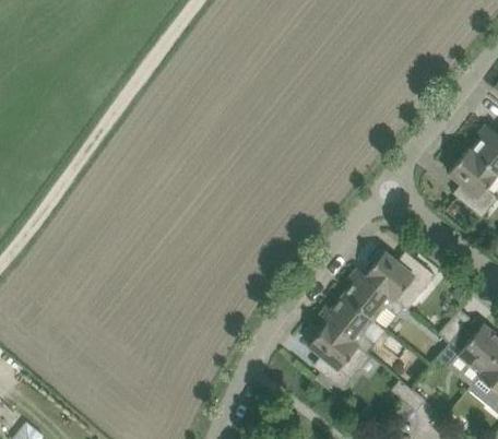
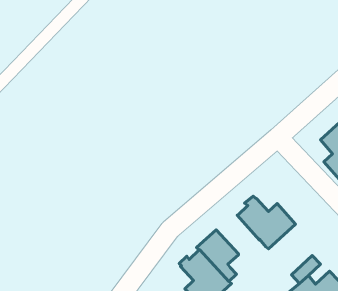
building: [343,271,404,320] -> none

